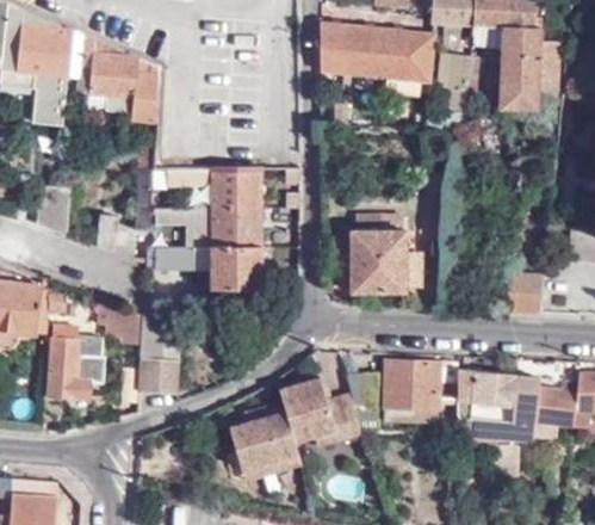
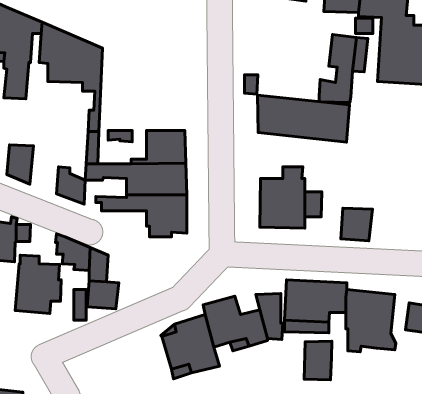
building: [320,24,434,82] -> [257,95,349,142]
building: [506,272,545,313] -> [341,208,373,241]
building: none -> [304,341,332,380]

